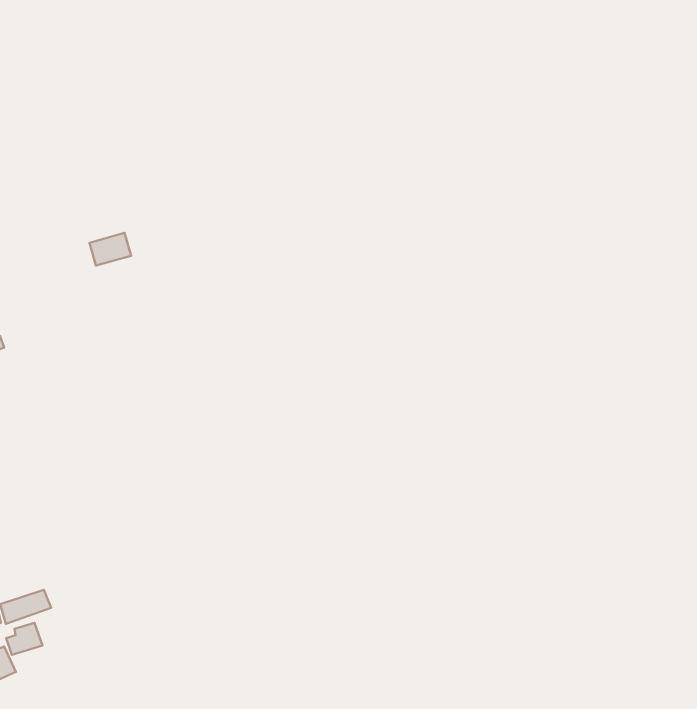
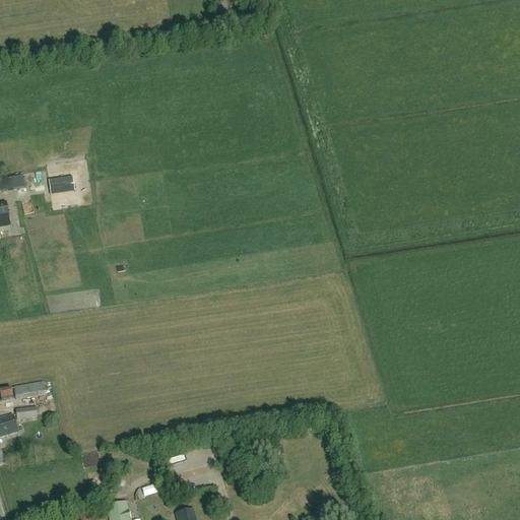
building: [89,233,131,266] -> [48,176,73,194]

